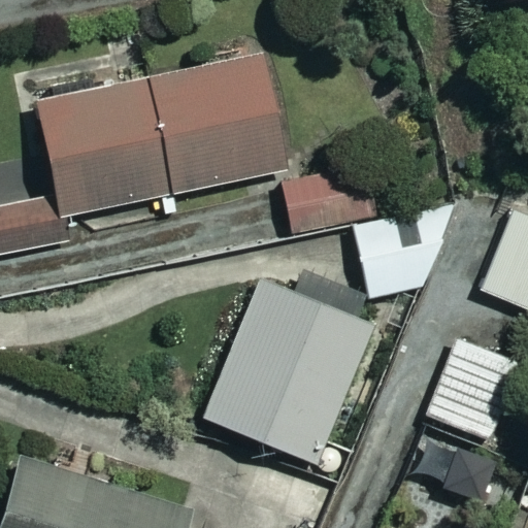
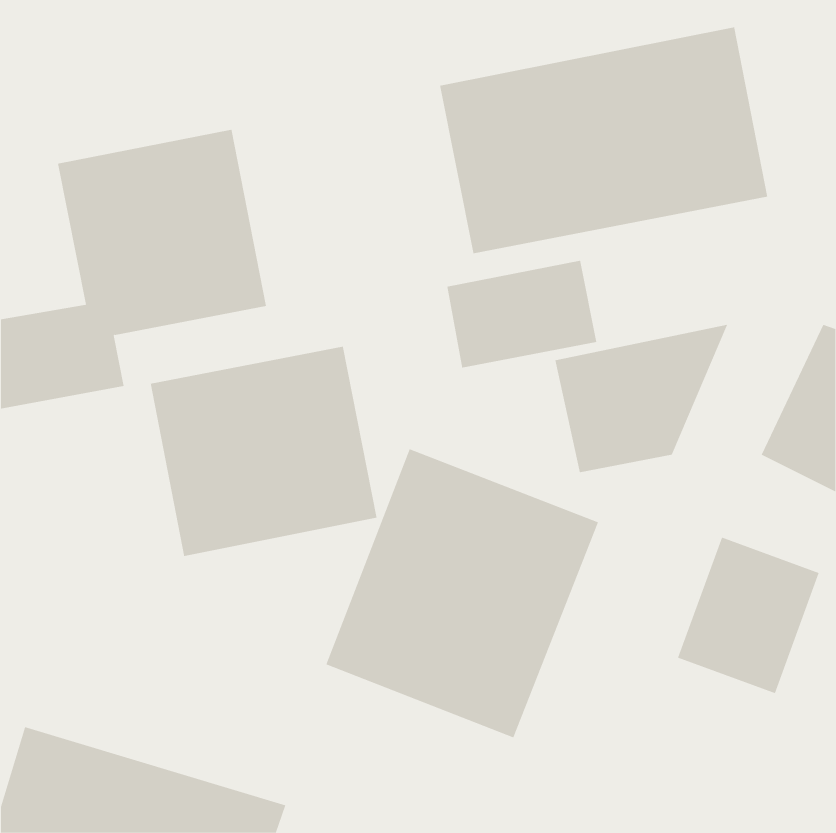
building: none -> [440,27,768,254]
building: [146,60,279,193] -> none
building: none -> [150,346,377,557]

